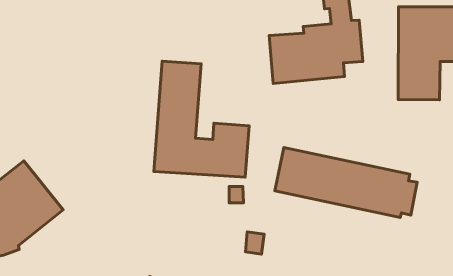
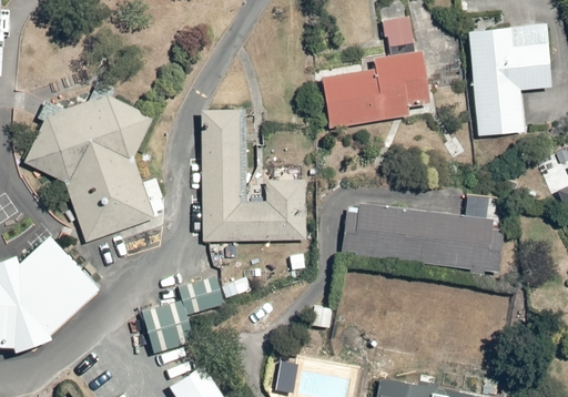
building: none -> [24,95,156,245]
building: none -> [140,276,223,354]

